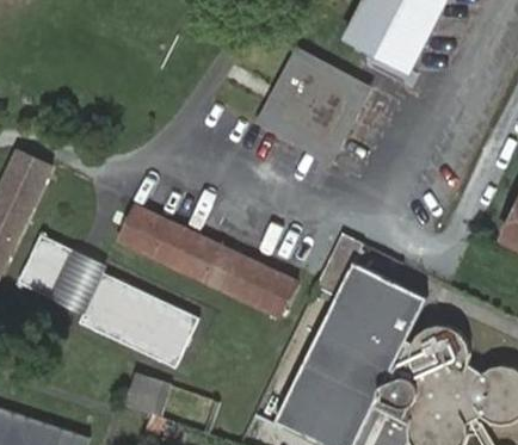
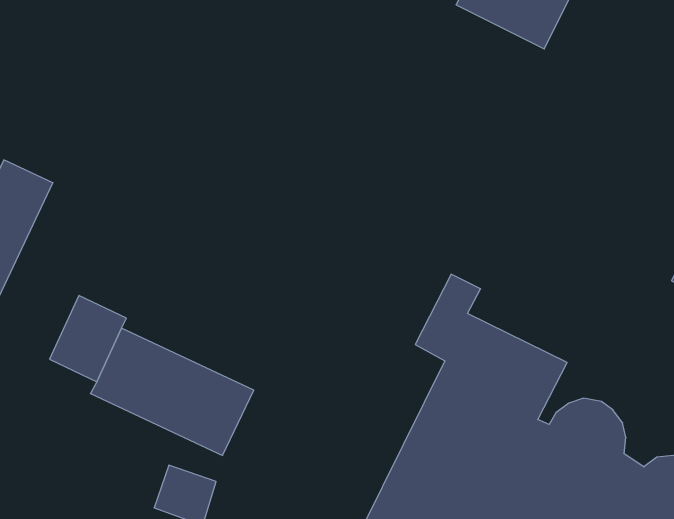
building: [255,47,371,161] -> none
building: [117,205,296,317] -> none
building: [17,235,69,296] -> none

